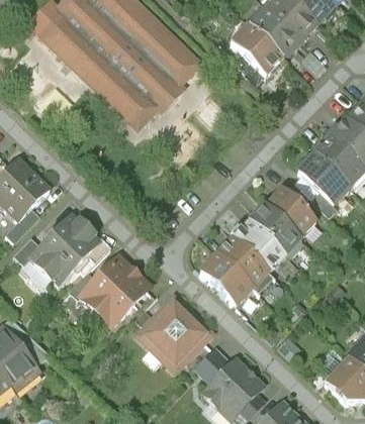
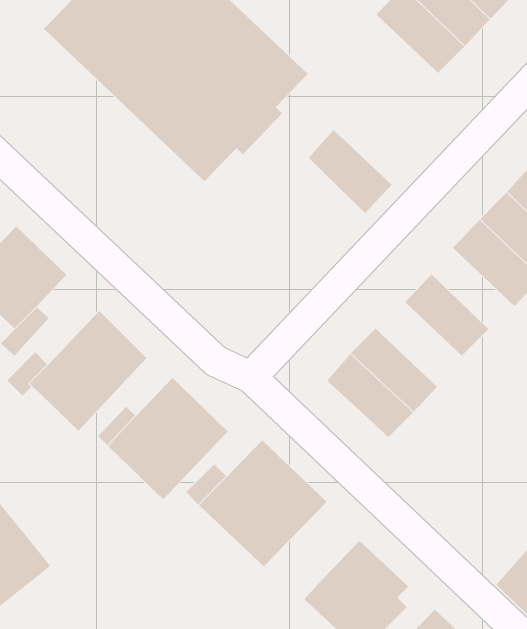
building: [229,23,282,77] -> [308,129,392,214]
building: [245,203,301,258] -> none
building: [195,254,253,310] -> none
building: [191,344,231,383] -> none

